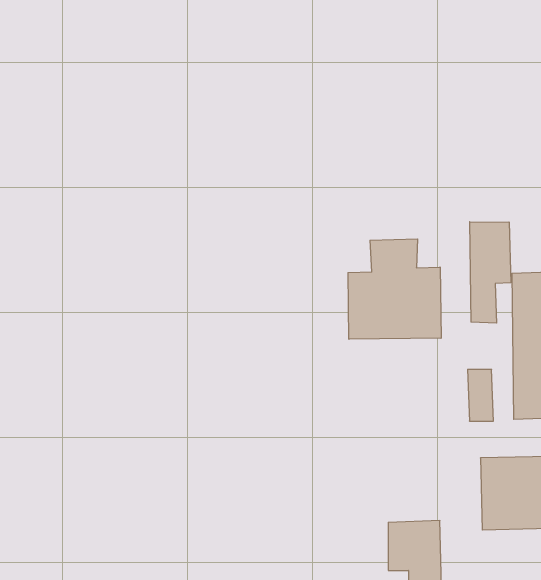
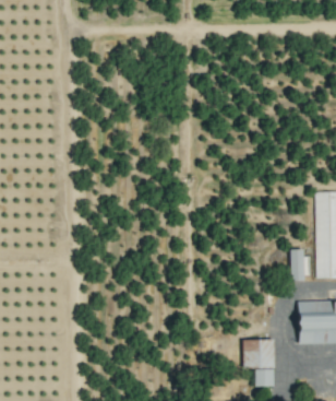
building: [470,222,511,323] -> none
building: [348,239,441,339] -> none

